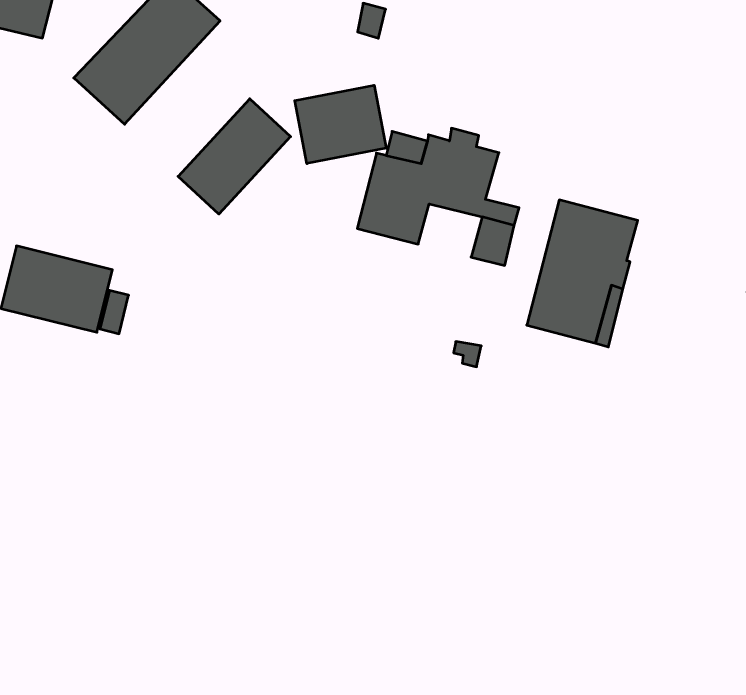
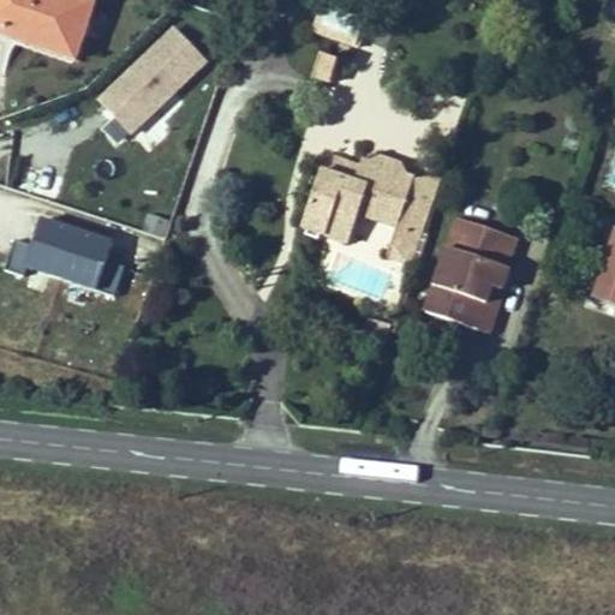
building: [295,85,386,164] -> none
building: [178,99,291,214] -> none
building: none -> [401,172,443,220]

